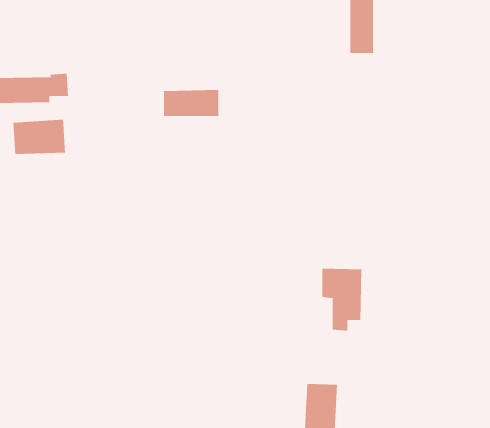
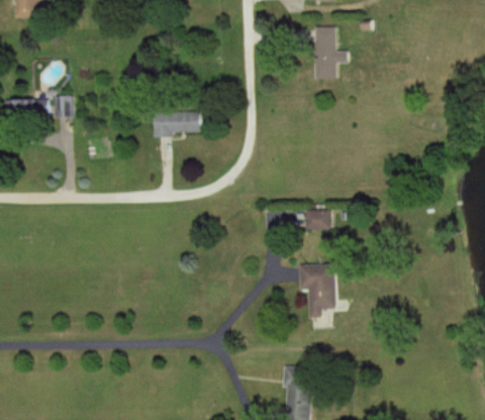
building: [13,119,66,155] -> none
building: none -> [302,210,327,229]

